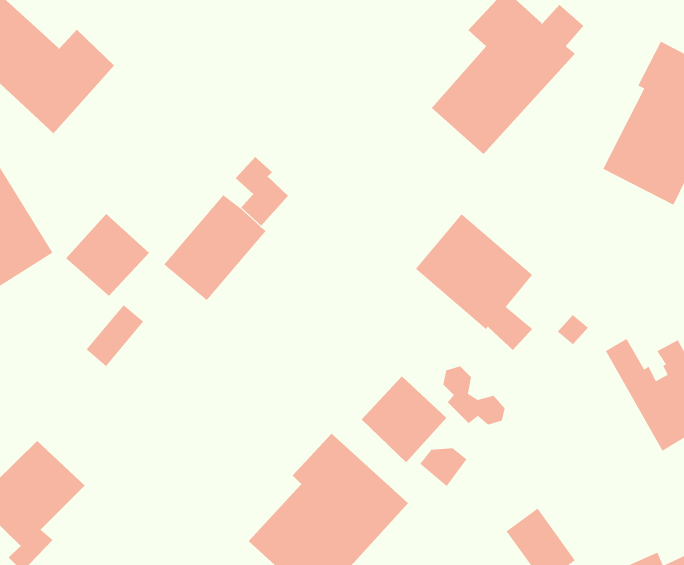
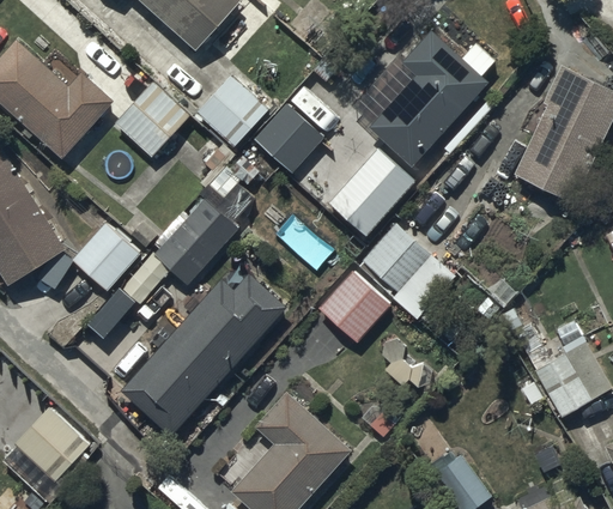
building: none -> [195,71,266,141]
building: none -> [114,79,186,151]
building: none -> [254,99,323,169]
building: none -> [328,144,412,230]
building: none -> [120,278,287,442]
building: [361,375,447,463] -> [317,267,388,339]

